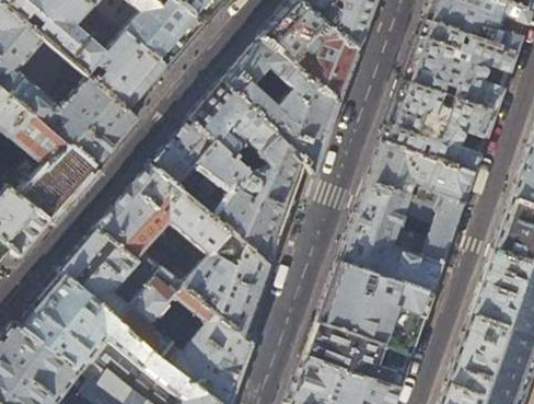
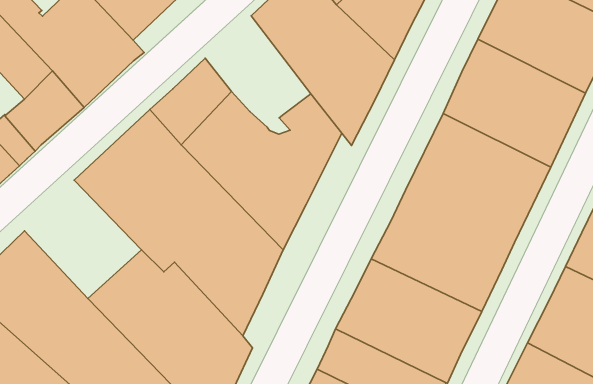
building: [188,81,276,169] -> none
building: [58,229,155,322] -> none

